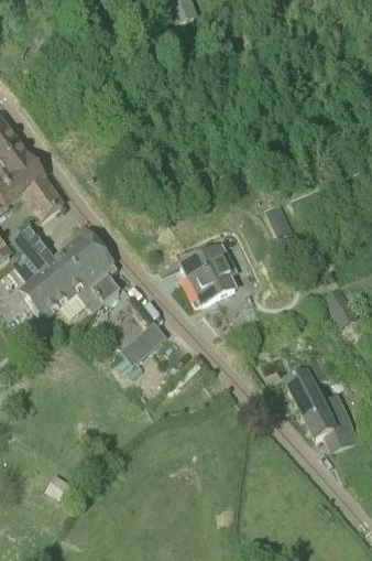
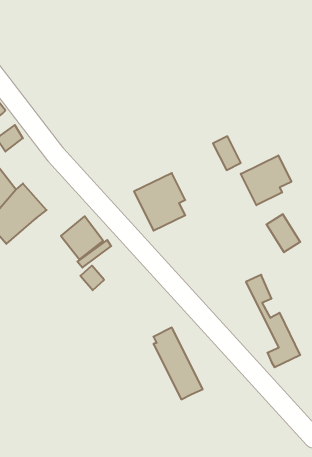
building: none -> [241,155,291,205]
building: [61,231,120,311] -> none
building: [282,363,335,440] -> [153,328,203,399]

